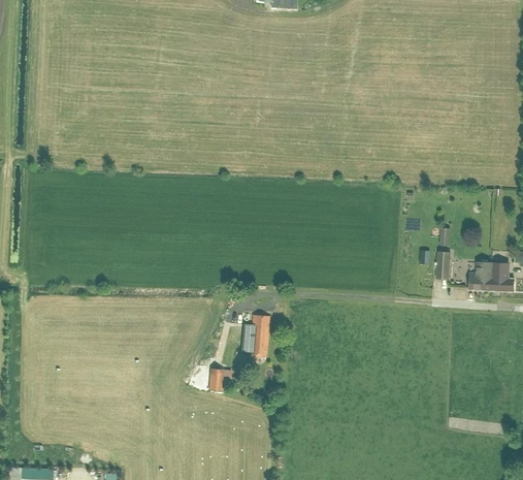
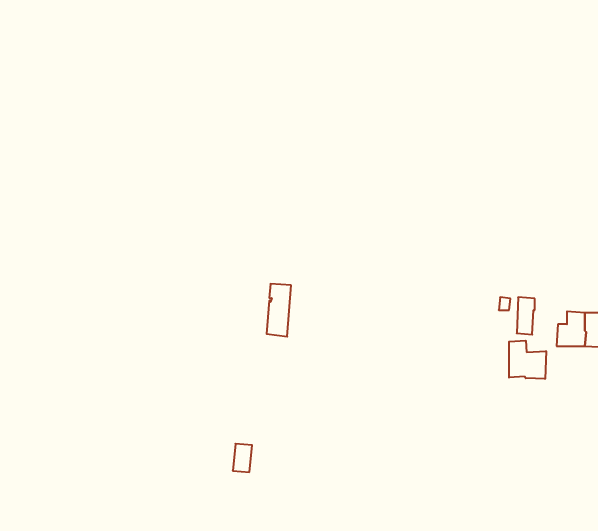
building: none -> [509,341,546,379]
building: [250,314,269,356] -> [267,284,291,337]

